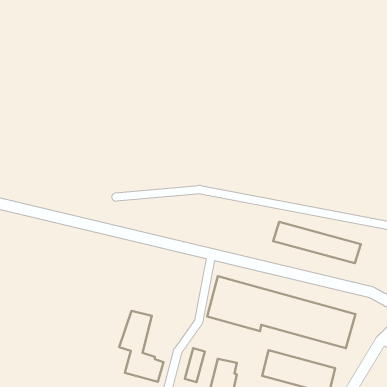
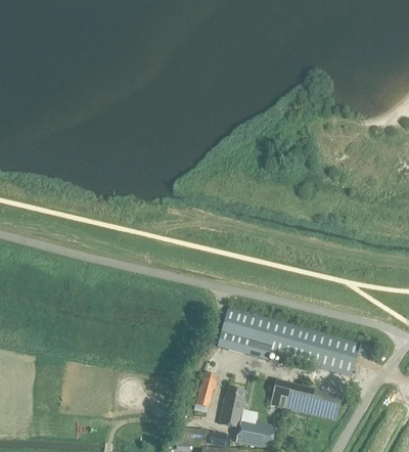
building: [273,222,361,263] -> none
building: [119,311,164,382] -> none

